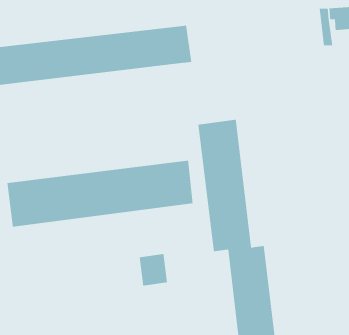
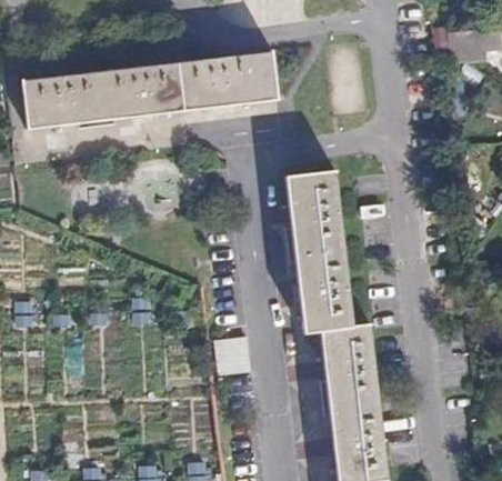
building: [7,160,193,227] -> none

